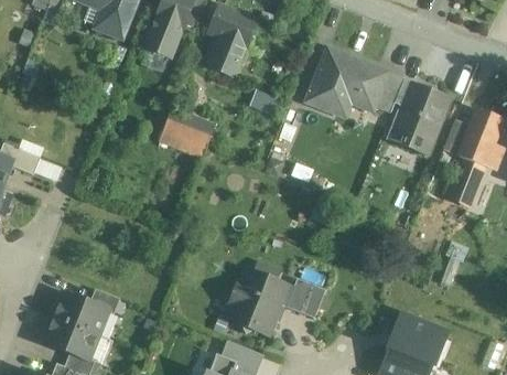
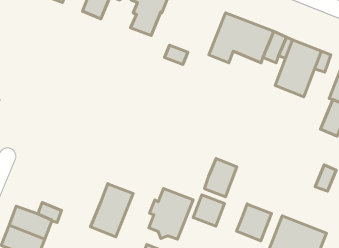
building: [163,109,216,149] -> none
building: none -> [205,159,237,197]
building: none -> [91,183,133,237]
building: none -> [236,204,272,241]

